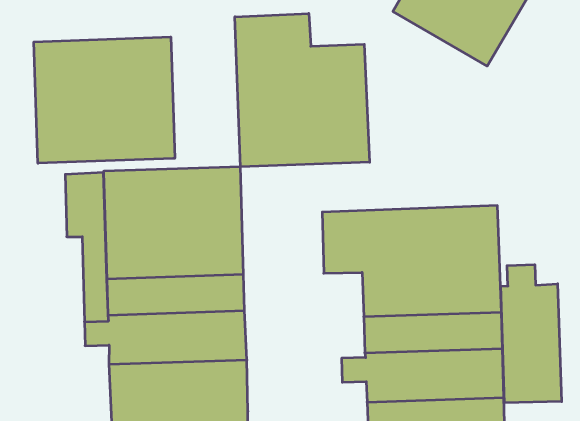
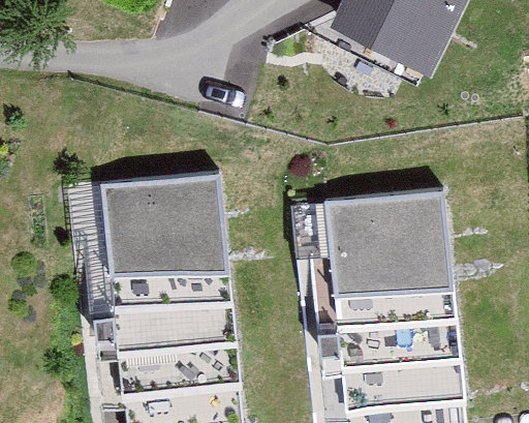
building: [235,13,370,167] -> none
building: [34,37,175,163] -> none
building: [501,265,562,403] -> none

